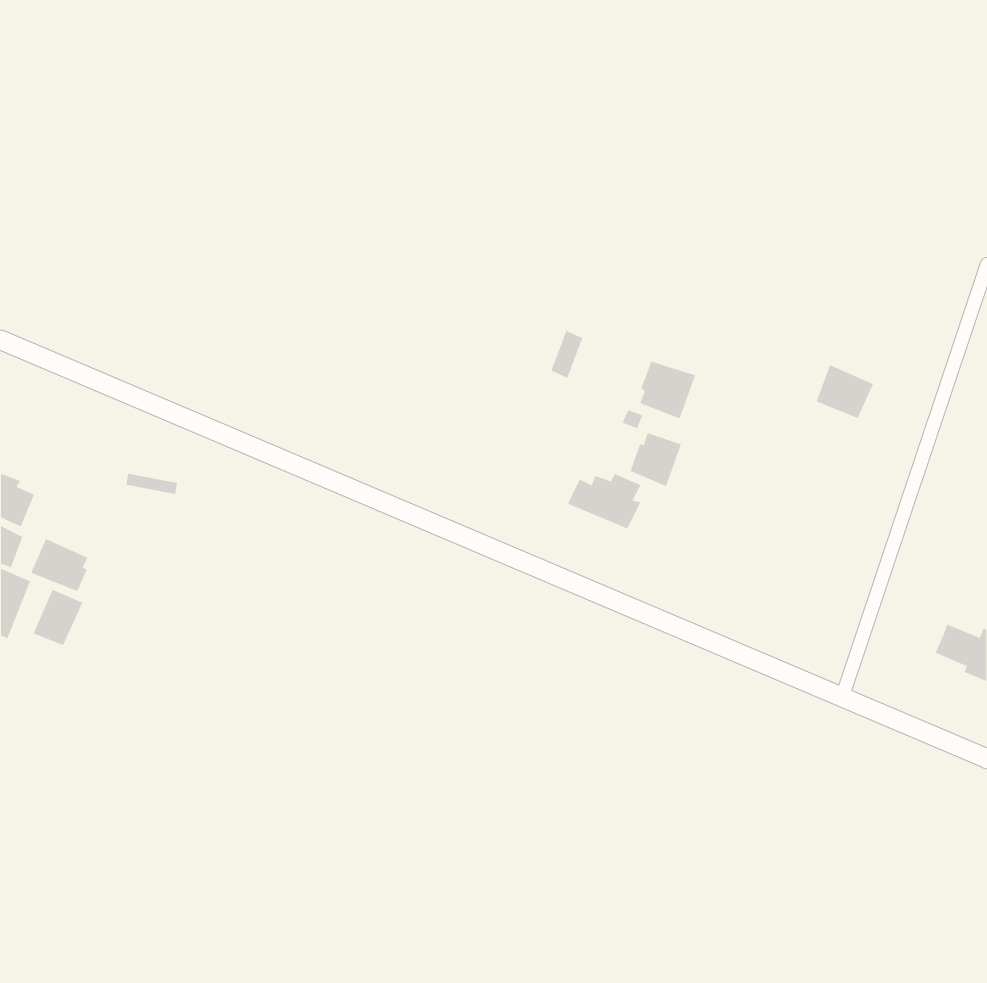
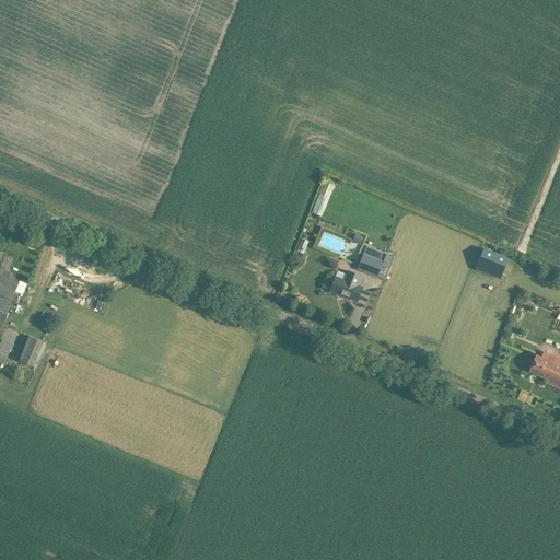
building: [639,361,696,419] -> none
building: [816,365,874,419] -> [476,246,509,277]
building: [30,538,88,592] -> none

